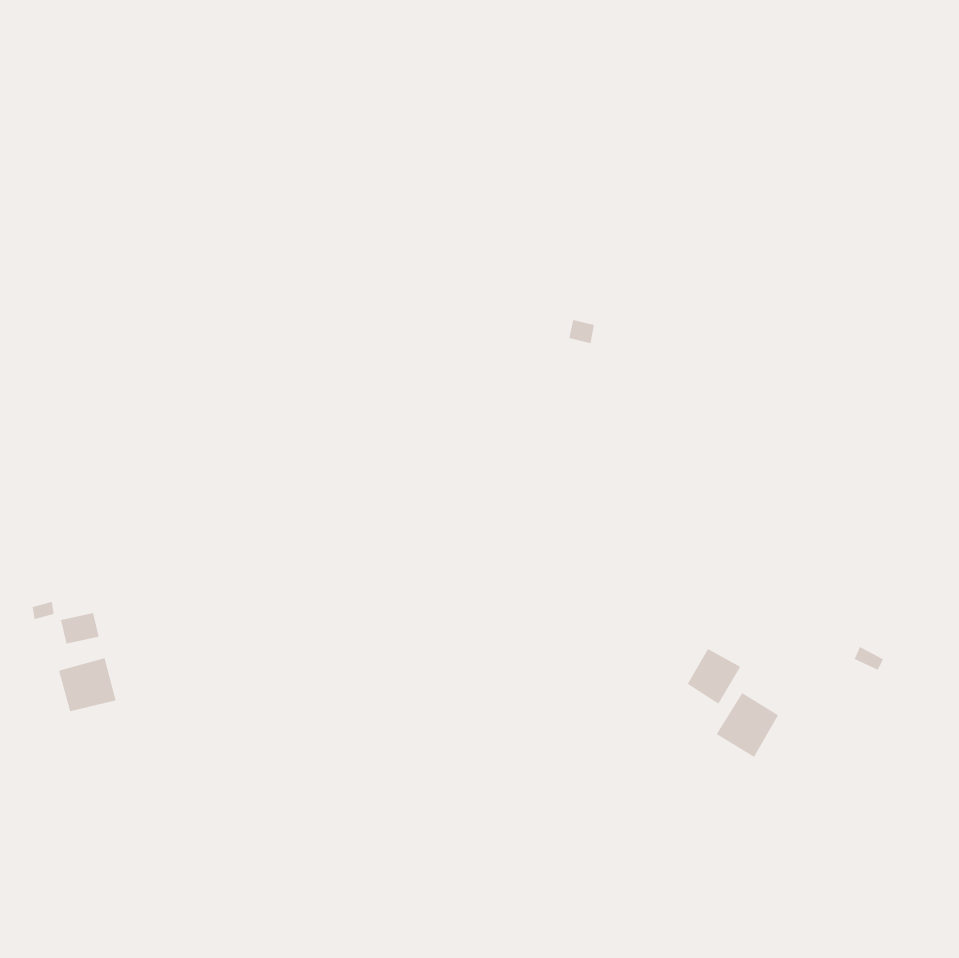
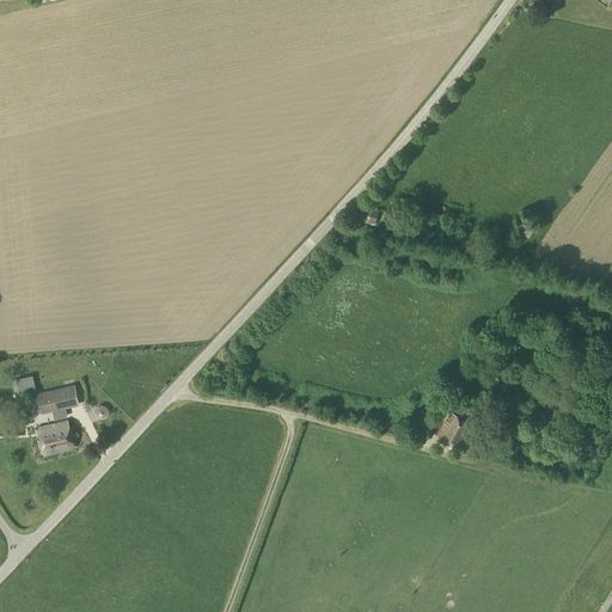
building: [716,692,779,758] -> none

